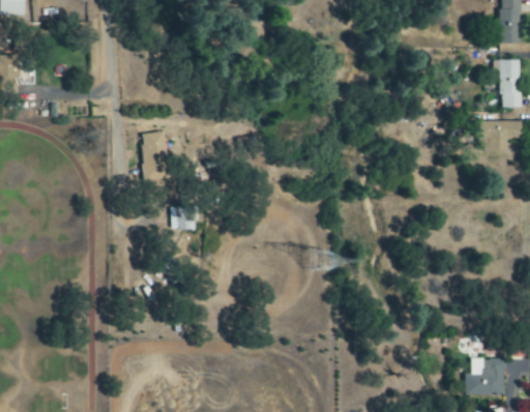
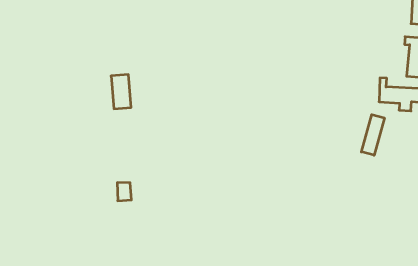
building: none -> [361,115,384,155]
building: [171,205,197,229] -> none

